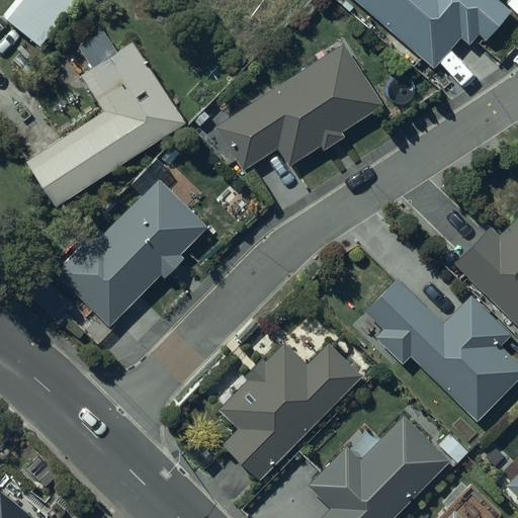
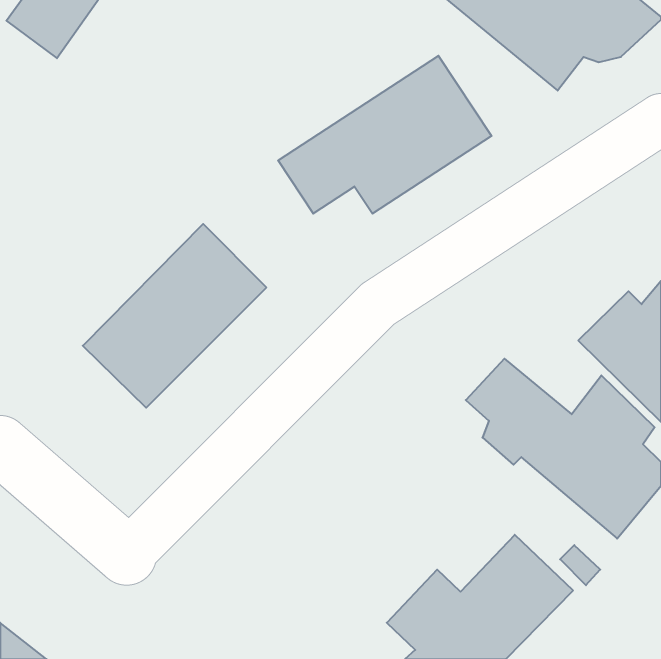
building: [31,44,185,203] -> none
building: [213,342,359,479] -> none

